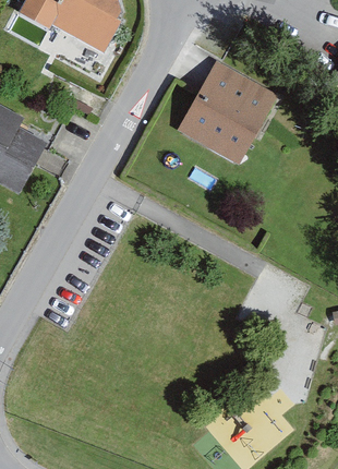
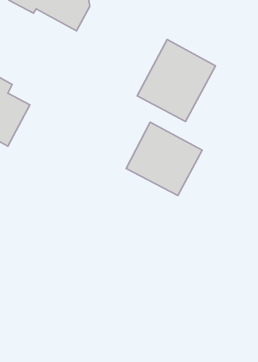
building: none -> [126,122,202,196]

